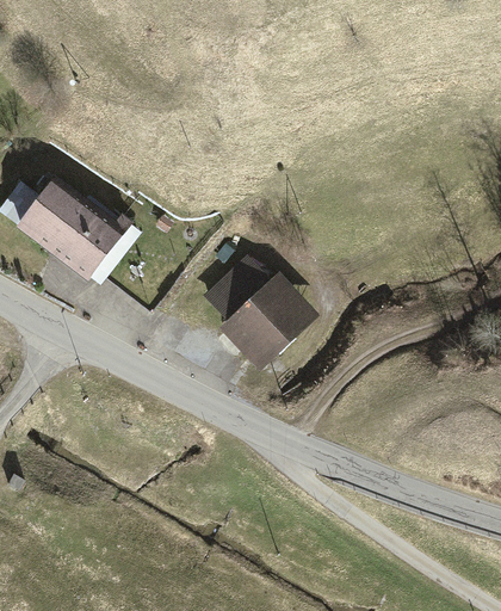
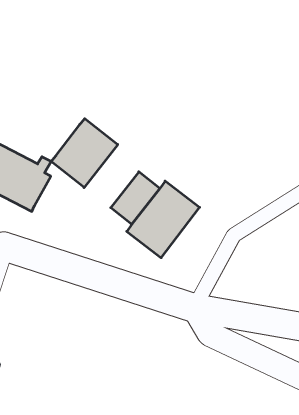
building: none -> [51,119,118,188]

